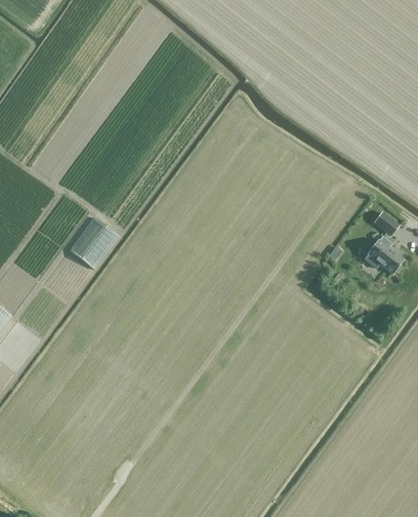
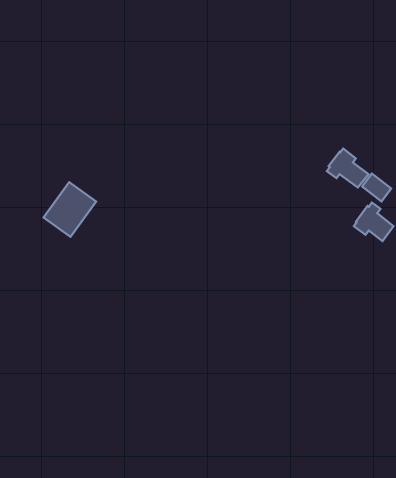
building: none -> [327,149,369,188]

